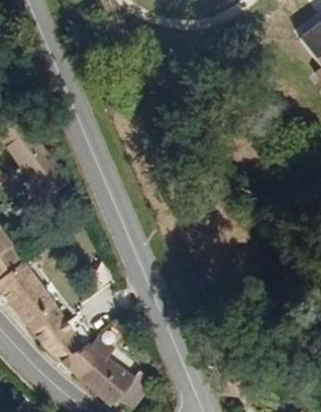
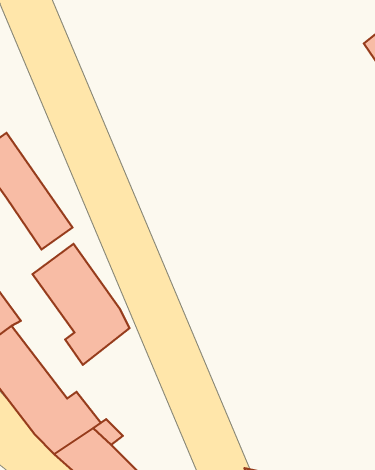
building: none -> [32,244,129,365]

